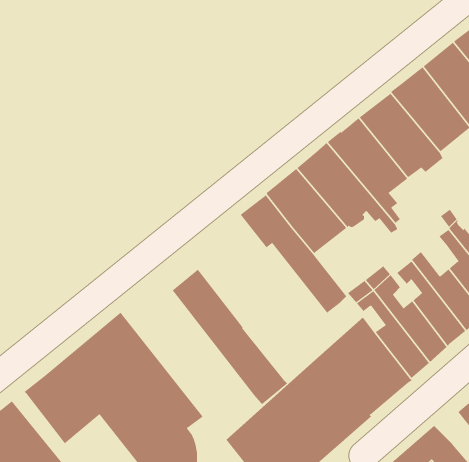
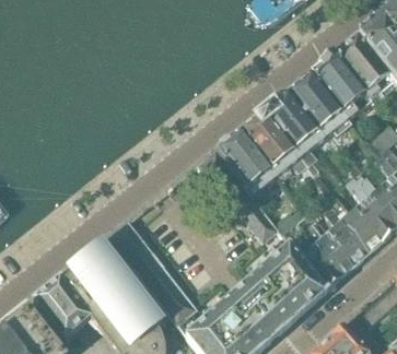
building: [172,269,288,405] -> [109,221,197,323]

